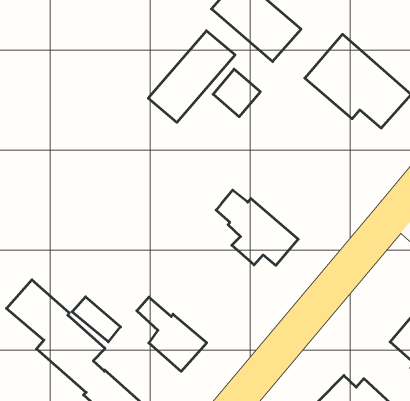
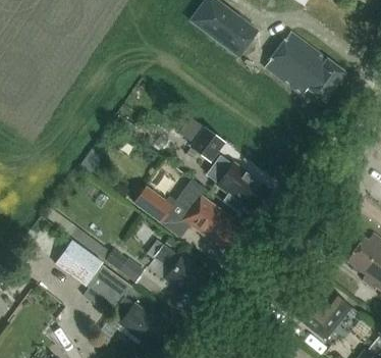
building: [148,31,235,122] -> none
building: [213,69,260,117] -> [187,125,223,161]
building: none -> [133,176,241,247]

